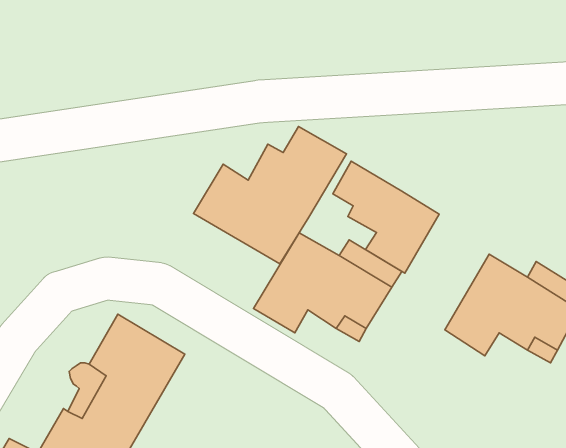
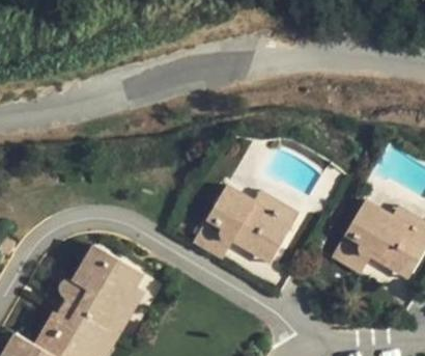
building: [194,127,346,264] -> none
building: [333,161,439,273] -> none

